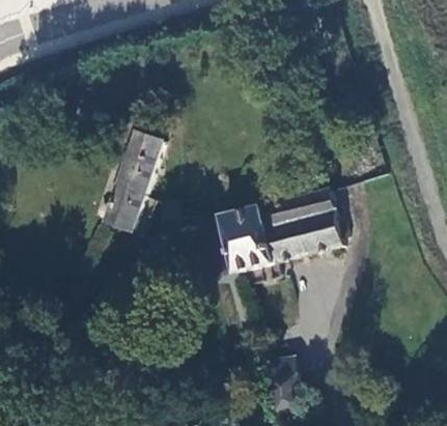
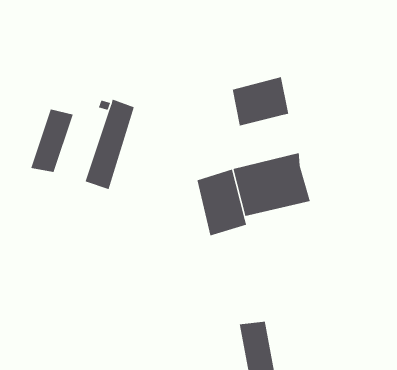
building: none -> [232,76,289,127]
building: none -> [30,109,74,173]

